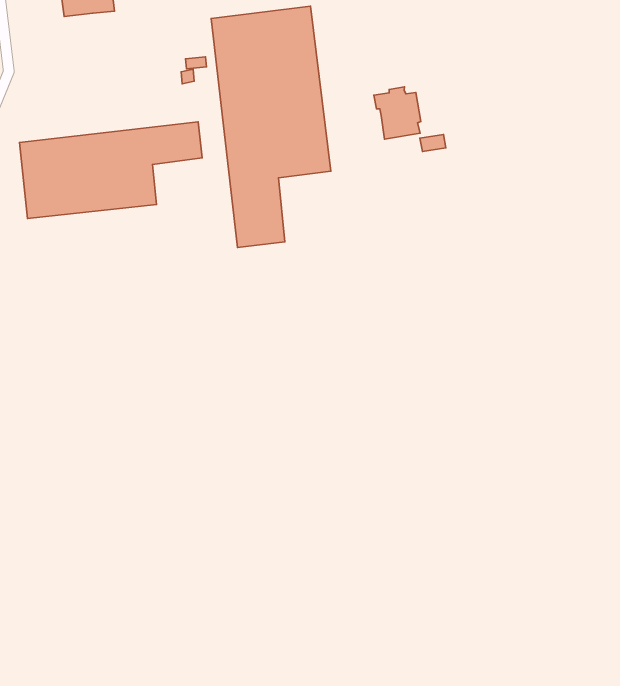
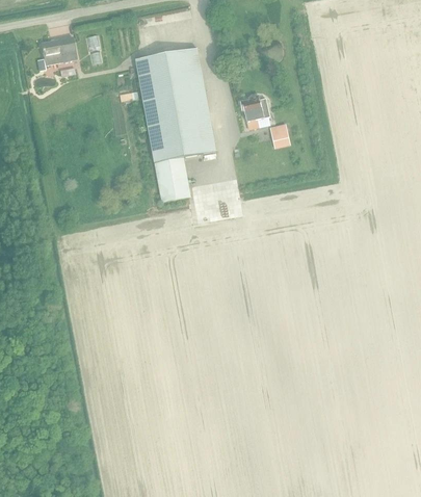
building: [20,122,202,218] -> none

